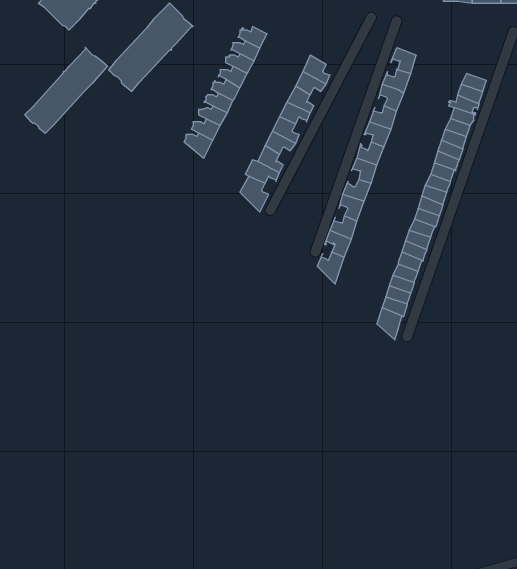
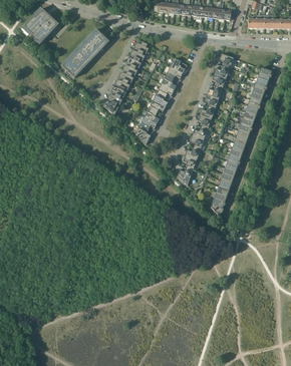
building: [25,47,107,133] -> none

